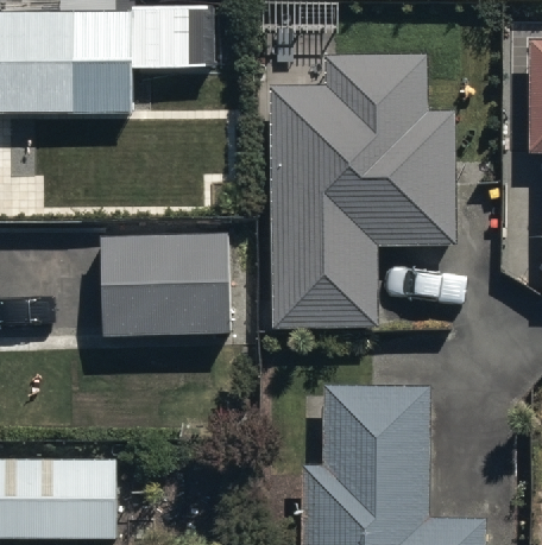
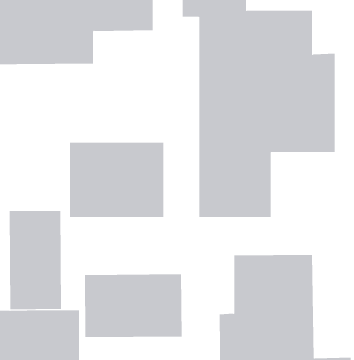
building: none -> [9,210,62,310]
building: none -> [84,274,182,338]

